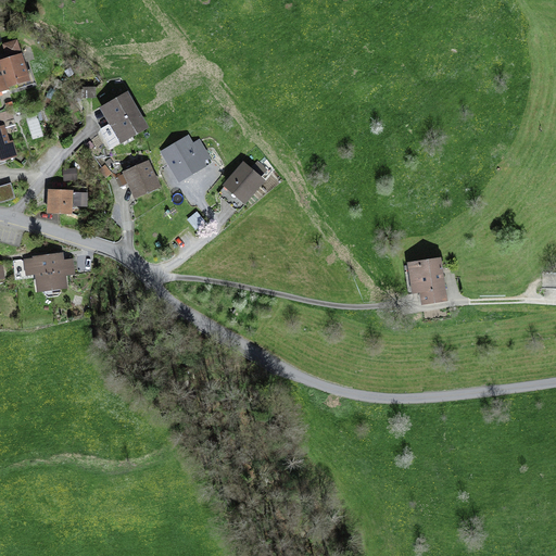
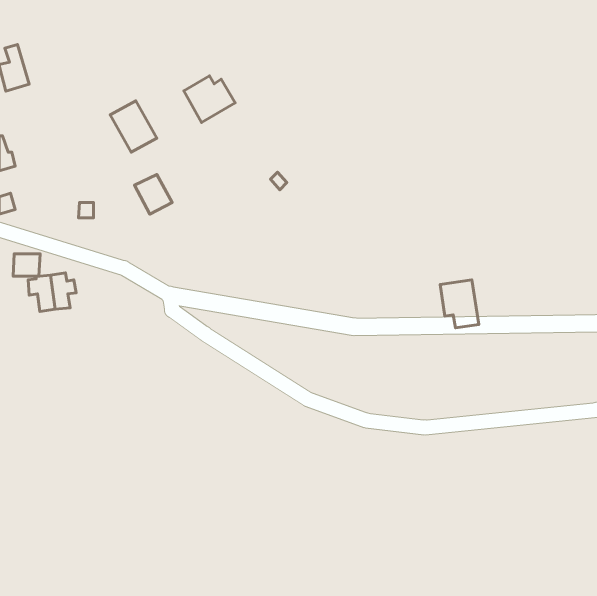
building: [162,137,210,180] -> [184,76,235,123]
building: [222,165,262,206] -> none
building: [47,191,72,212] -> [13,254,40,276]

